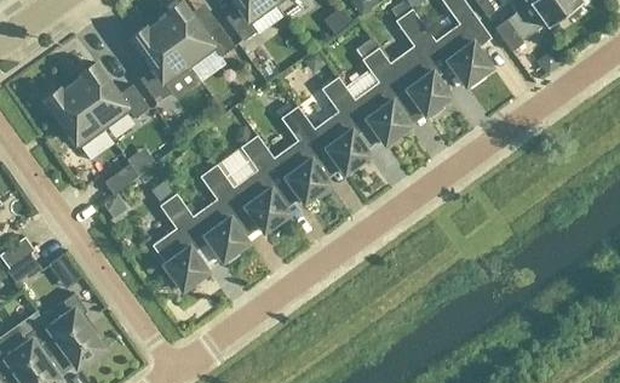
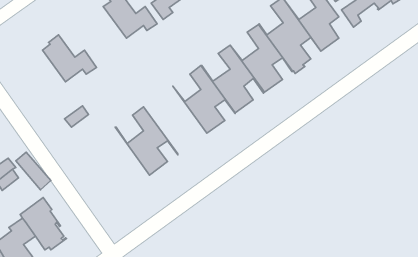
building: [131,22,191,102] -> none
building: [45,84,105,147] -> none
building: [216,135,305,230] -> none
building: [153,193,224,290] -> none

